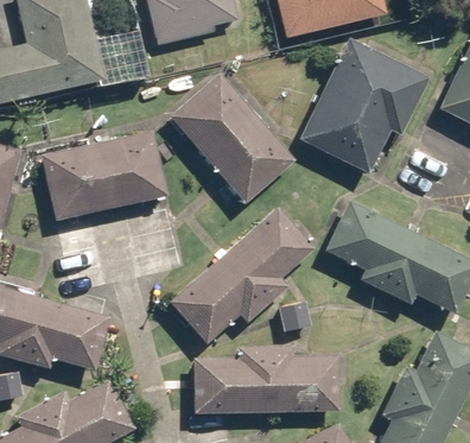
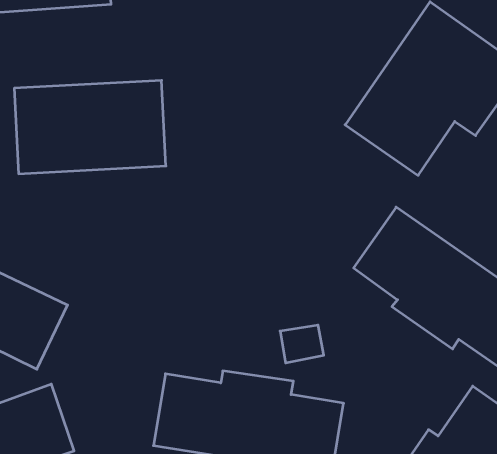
building: [164,76,292,207] -> none
building: [170,208,316,342] -> none

